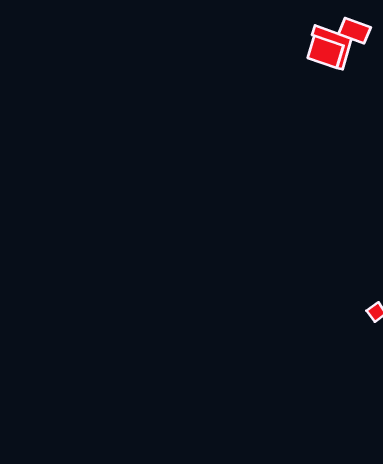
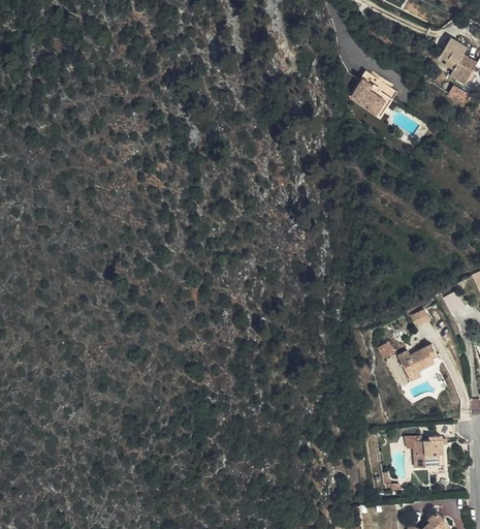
building: [338,18,371,43] -> none

